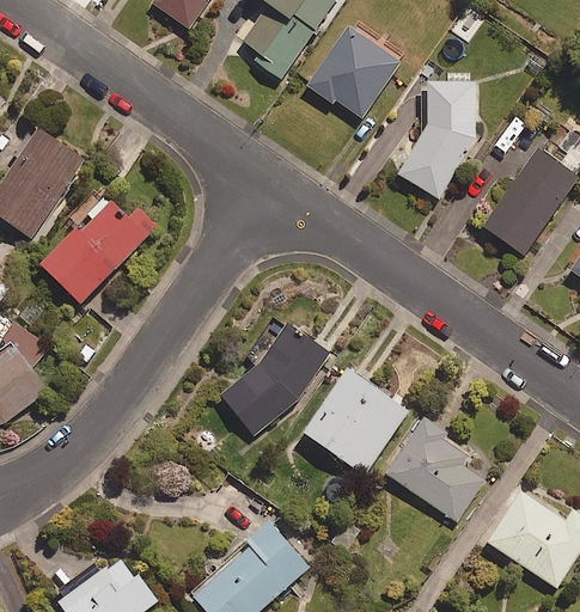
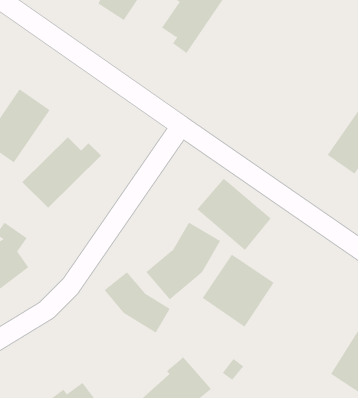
building: [309,22,399,118] -> none
building: [396,73,475,198] -> none
building: none -> [197,178,272,251]
building: none -> [104,271,170,334]
building: [385,416,484,521] -> none

